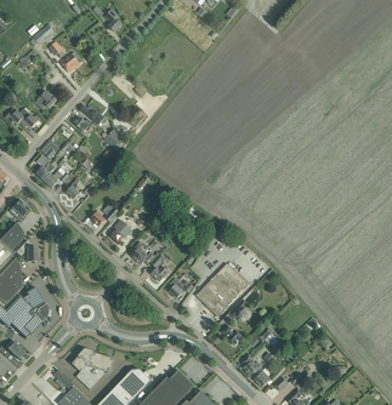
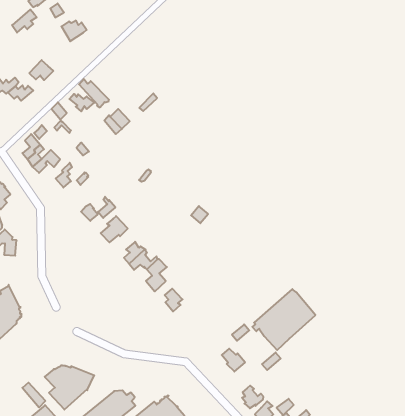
building: [194,263,248,316] -> [252,289,315,350]

